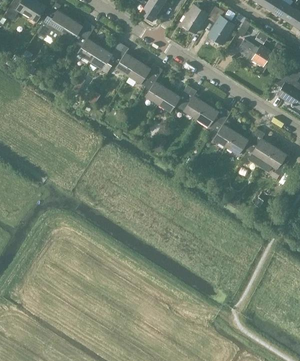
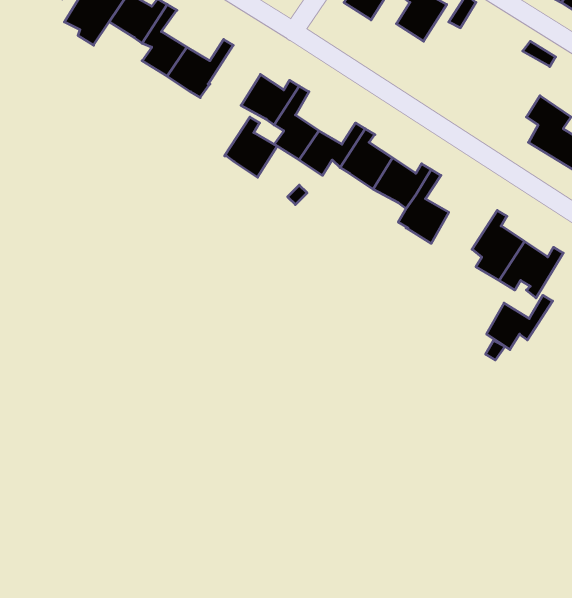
building: [237,39,271,66] -> none
building: [111,46,138,77] -> [225,117,277,177]
building: [226,128,260,156] -> [487,295,553,350]

